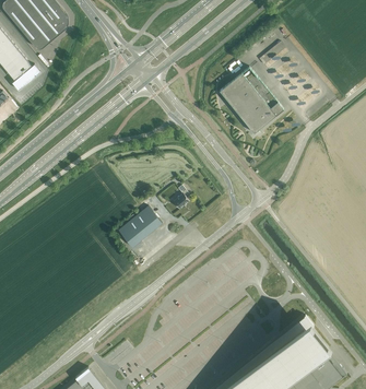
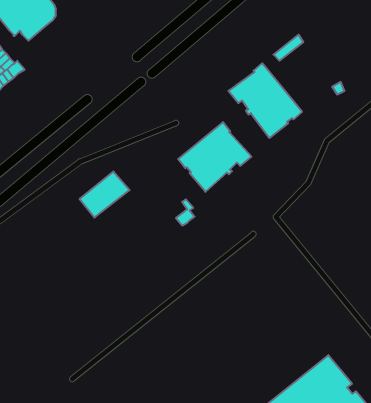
building: none -> [178,122,251,192]
building: [118,207,162,247] -> [80,171,130,218]

